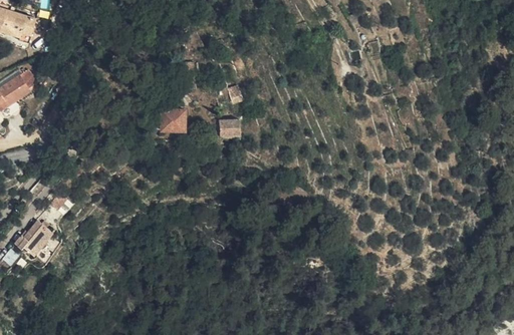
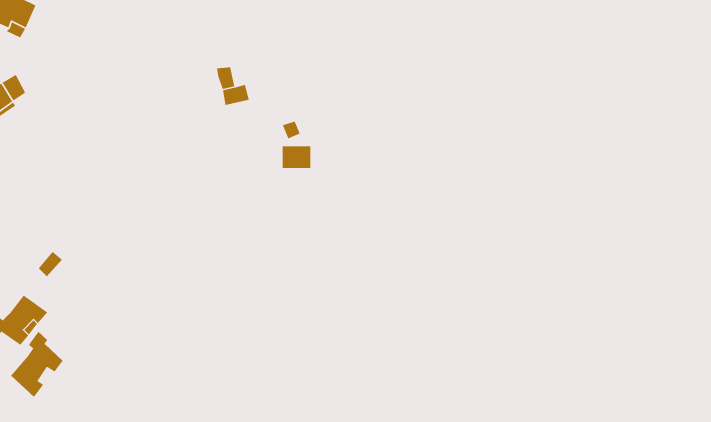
building: [159,112,181,132] -> none
building: none -> [10,331,64,398]

